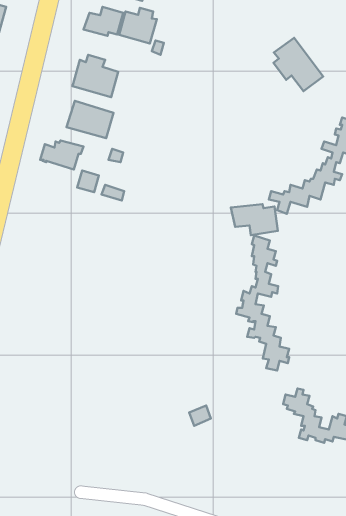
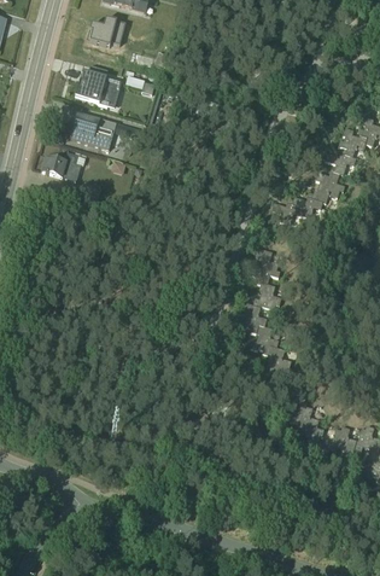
building: [119,8,157,43] -> none
building: [274,38,323,91] -> none
building: [231,204,278,235] -> none

